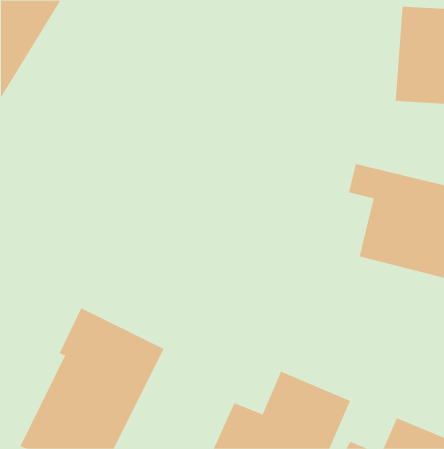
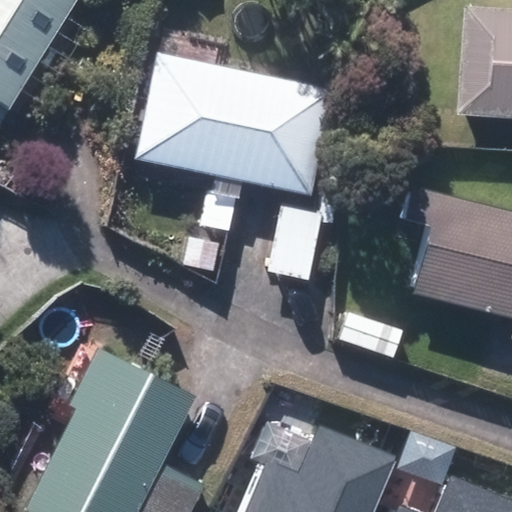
building: none -> [134,55,330,194]

